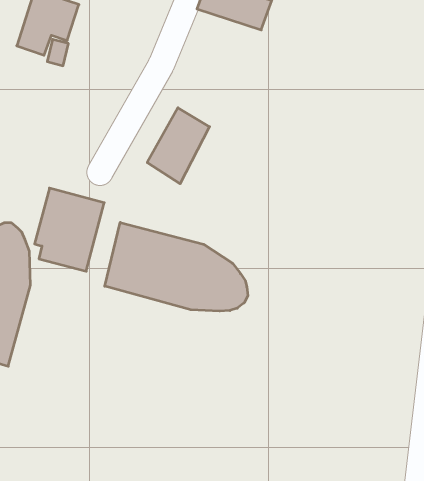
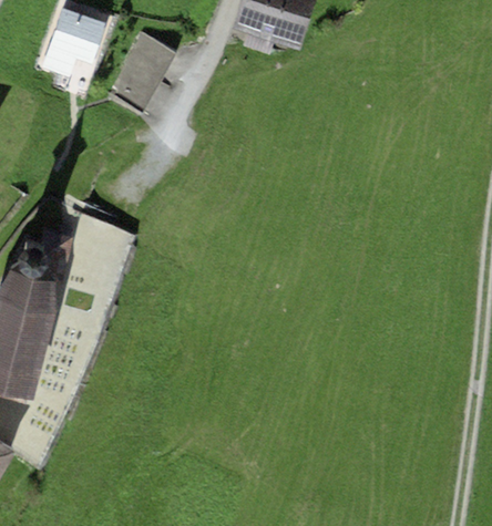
building: [147,108,210,184] -> [110,30,175,110]
building: [105,222,248,311] -> none

